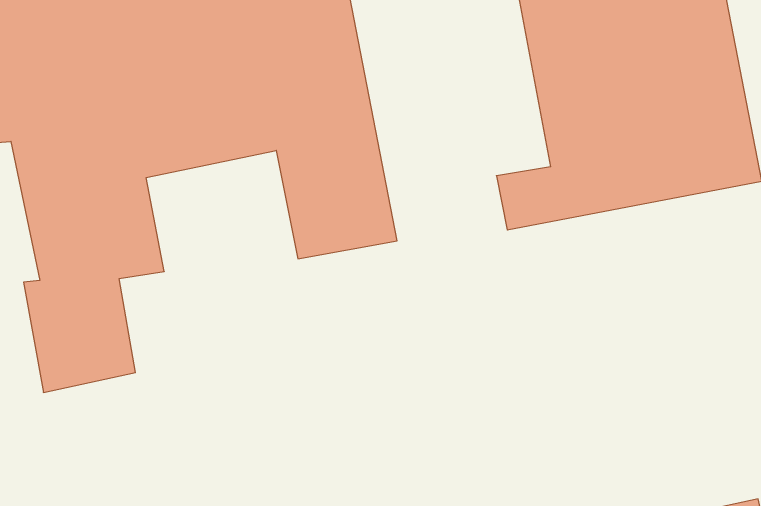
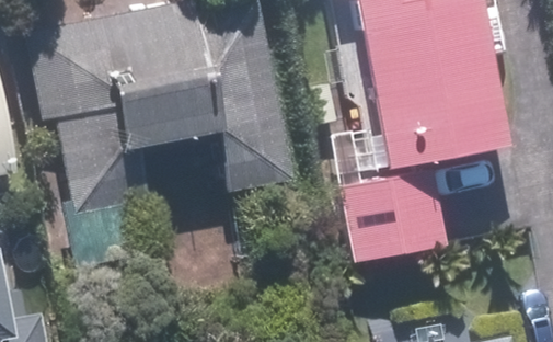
building: none -> [339,172,446,263]

